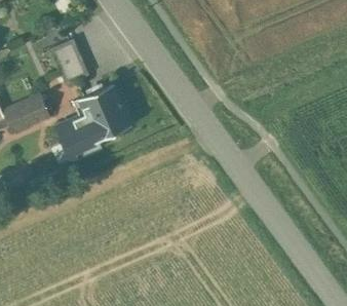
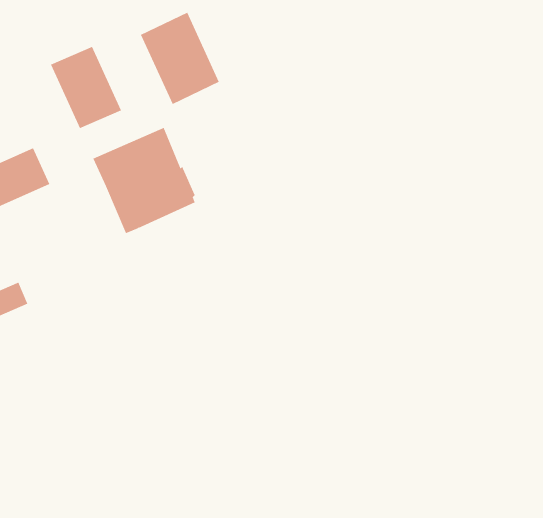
building: none -> [140,12,220,105]
building: [56,115,101,159] -> none

